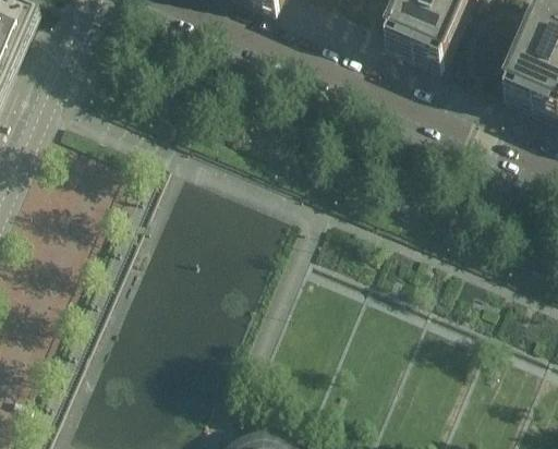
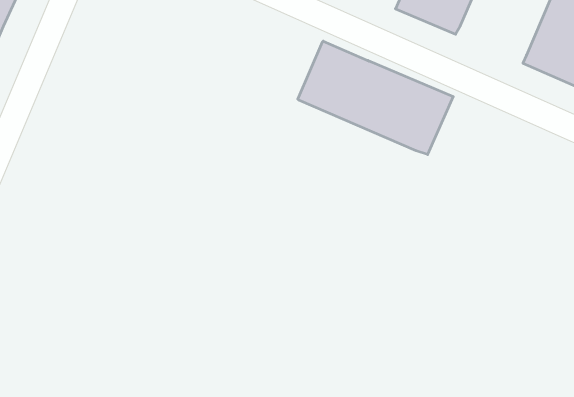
building: none -> [298,41,453,155]

